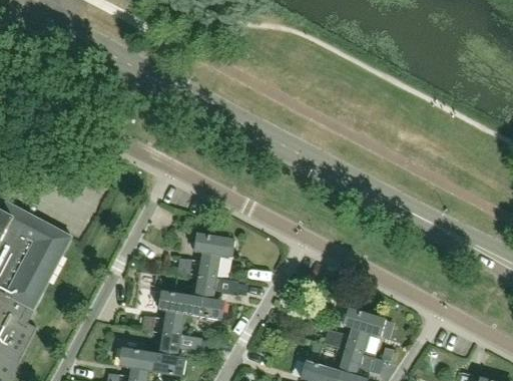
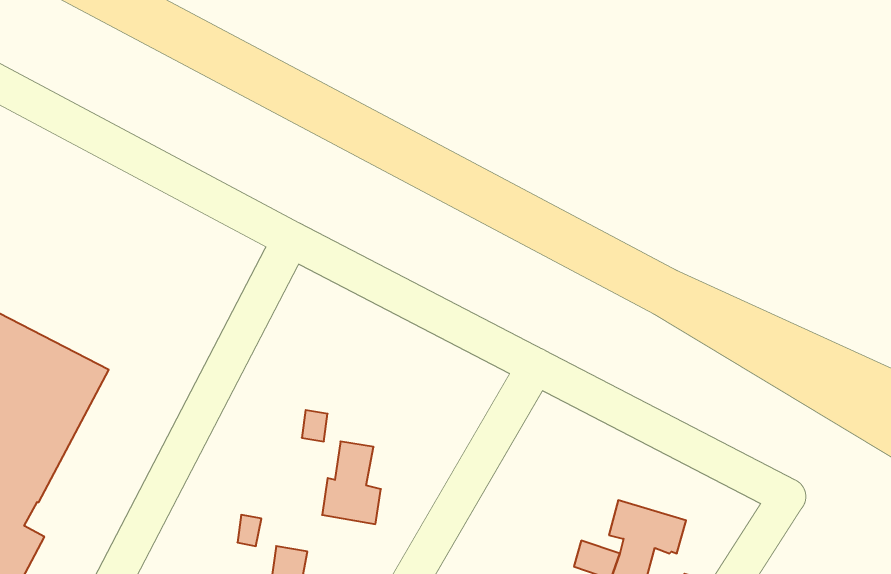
building: [193,232,233,277] -> none
building: [157,289,190,334] -> none

